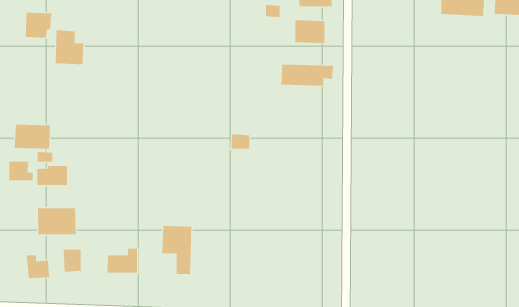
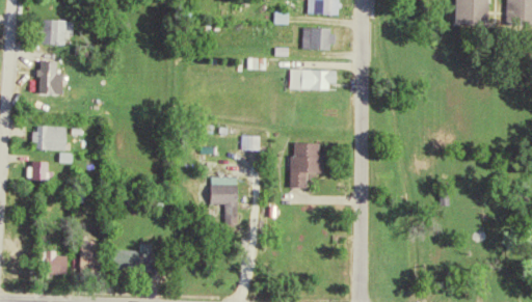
building: [55,30,84,65] -> [41,61,69,94]
building: none -> [293,142,326,189]
building: [37,165,67,186] -> none
building: [38,208,76,235] -> none
building: [162,226,192,274] -> [212,177,241,224]

